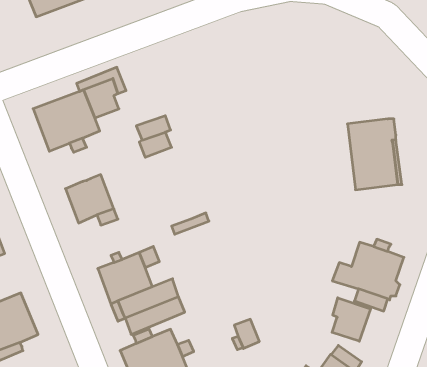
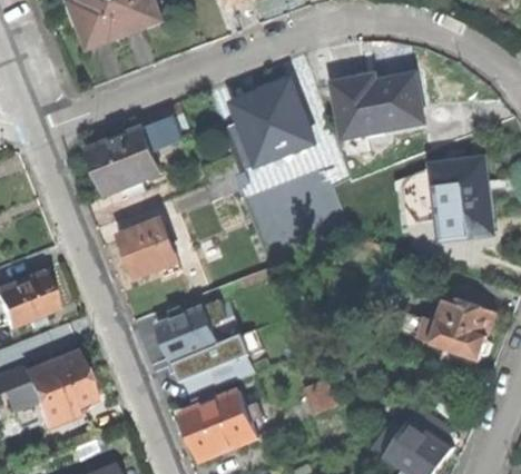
building: none -> [229,77,315,167]
building: none -> [333,77,421,136]
building: [332,298,371,341] -> none

